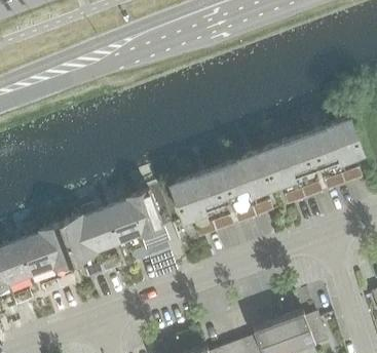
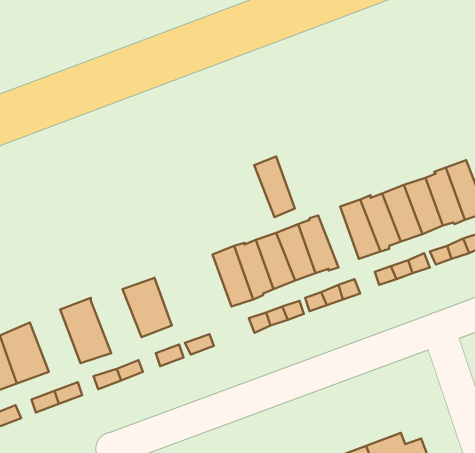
building: [243,150,272,193] -> [254,156,295,217]
building: [126,190,163,236] -> none
building: [82,208,118,250] -> none
building: [39,223,75,269] -> none

